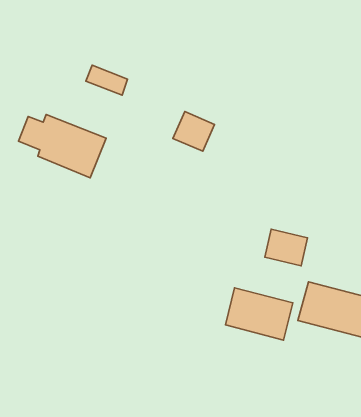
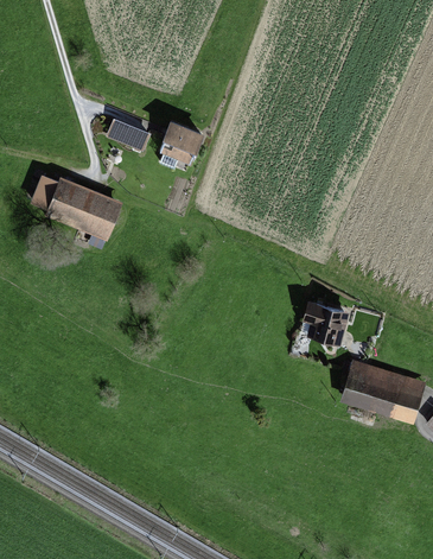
building: [173,112,215,151] -> [159,122,205,166]
building: [225,288,293,340] -> none

